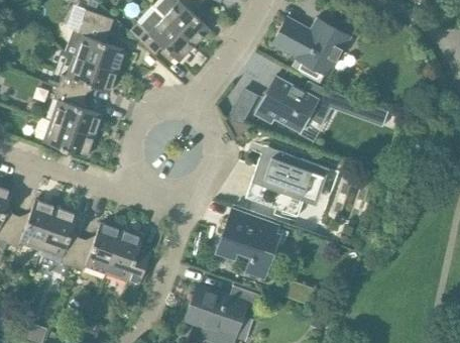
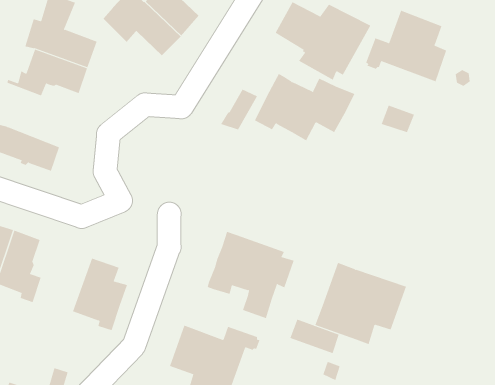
building: none -> [366,10,447,82]
building: [48,84,101,137] -> none
building: [252,147,329,216] -> [314,262,407,345]
building: [72,223,120,273] -> none

